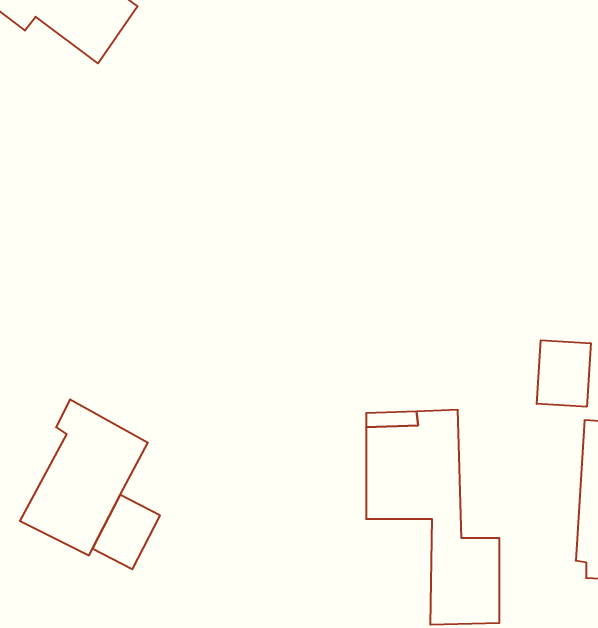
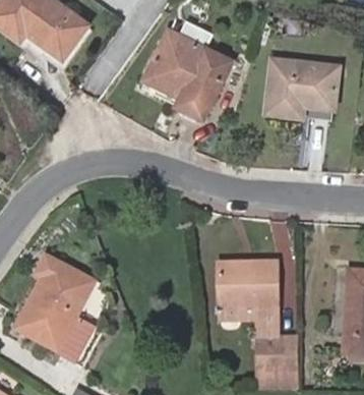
building: none -> [145,31,231,119]
building: none -> [266,61,338,119]
building: [537,340,591,407] -> none

